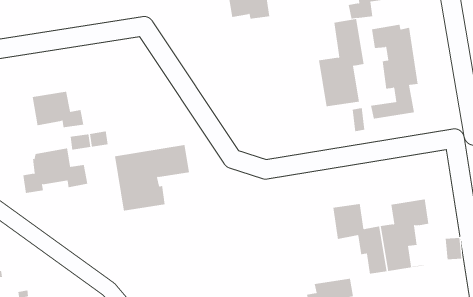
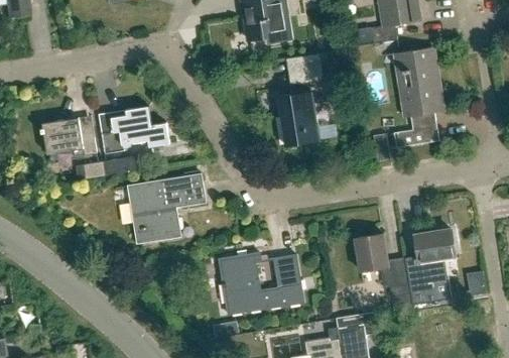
building: [318,19,365,107] -> [278,53,327,145]
building: [22,148,88,194] -> [102,106,170,153]
building: none -> [219,253,303,314]

